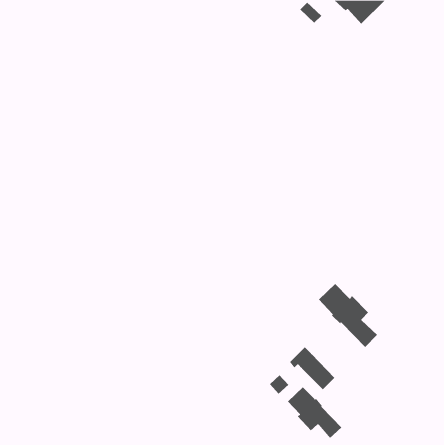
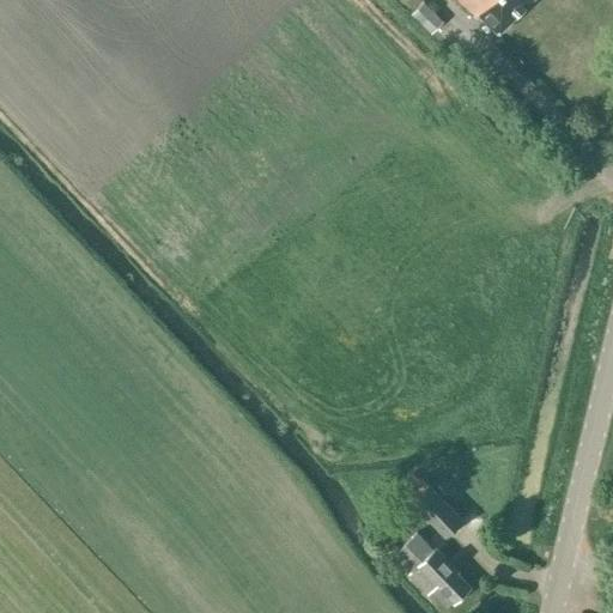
building: [318,283,378,348] -> none

